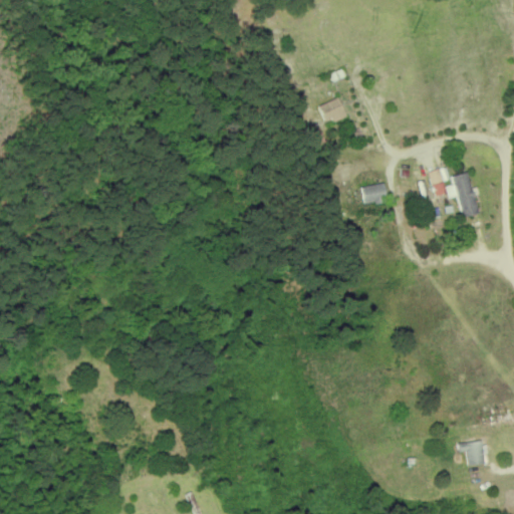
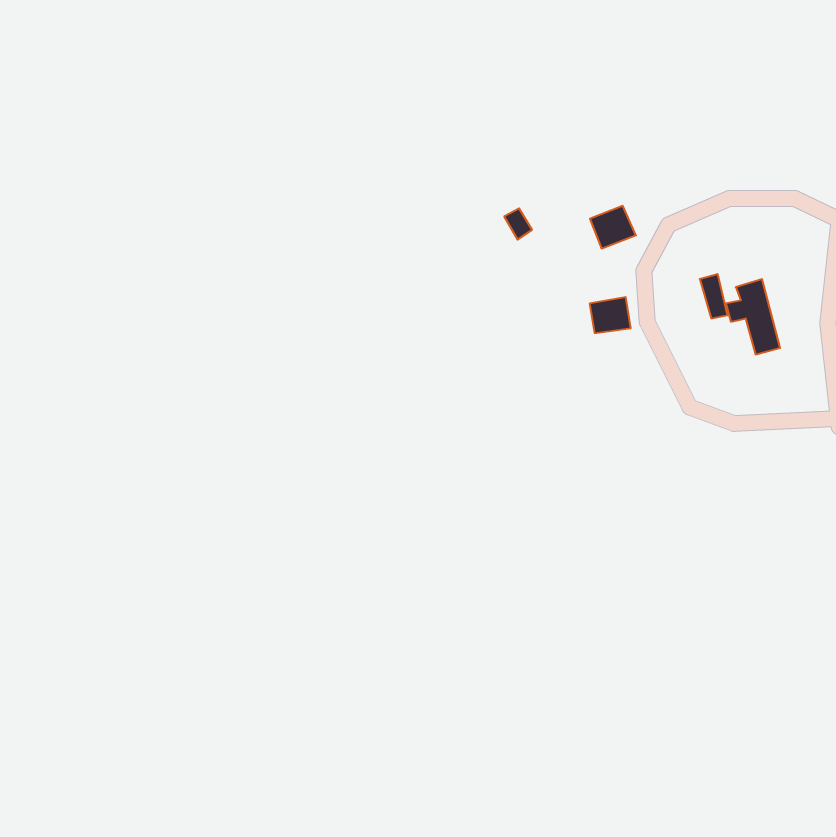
building: [319,97,347,123] -> [590,206,636,248]
building: [458,442,485,465] -> none

